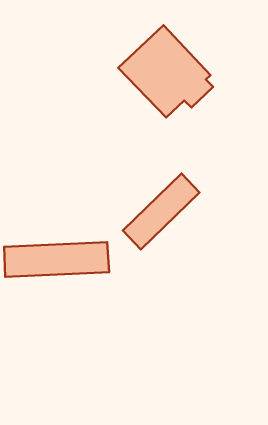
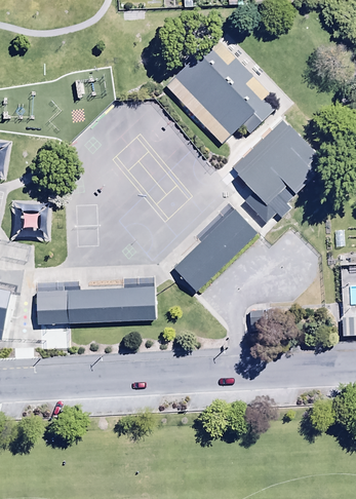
building: none -> [232,120,330,219]

